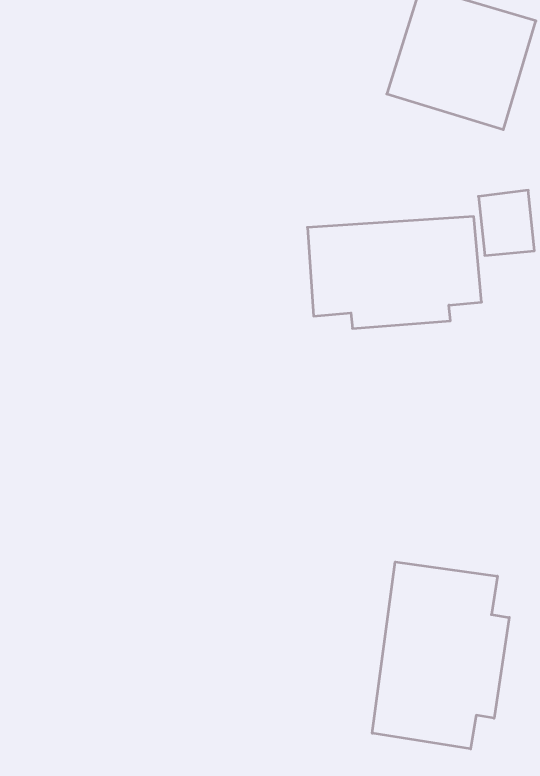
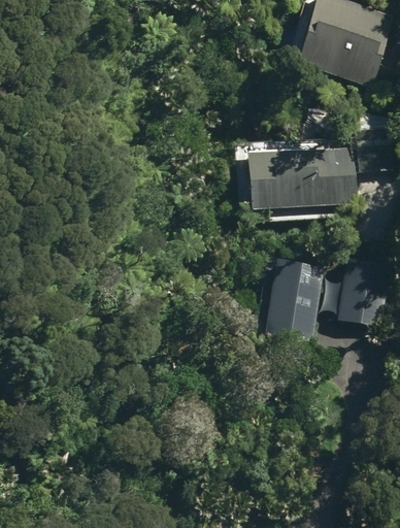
building: none -> [262,254,392,343]
building: [372,562,509,749] -> none

